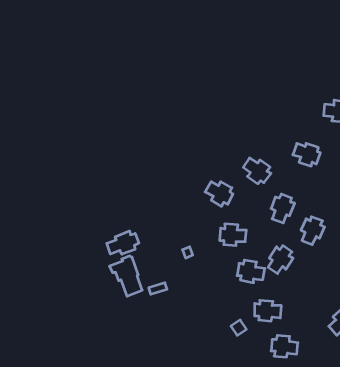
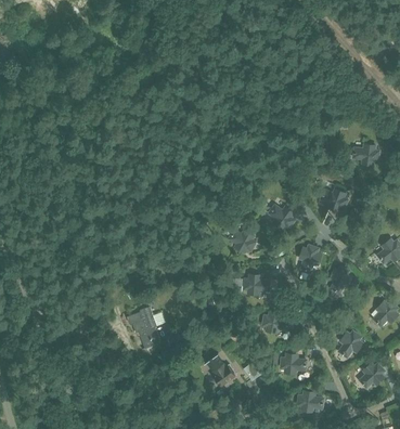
building: [107,231,139,254] -> none
building: [268,246,293,274] -> [336,327,362,356]
building: none -> [206,354,236,387]

